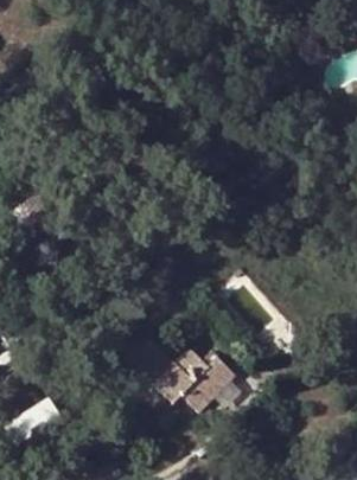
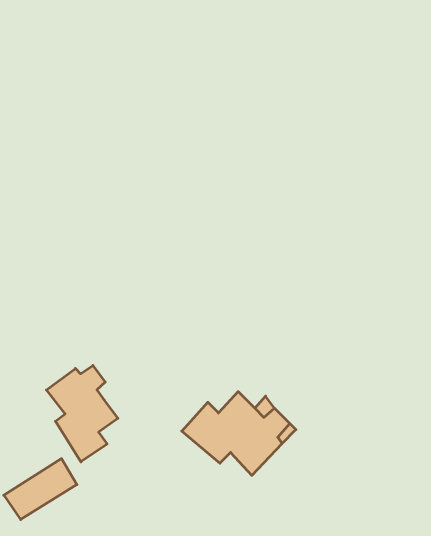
building: none -> [46,365,118,462]

